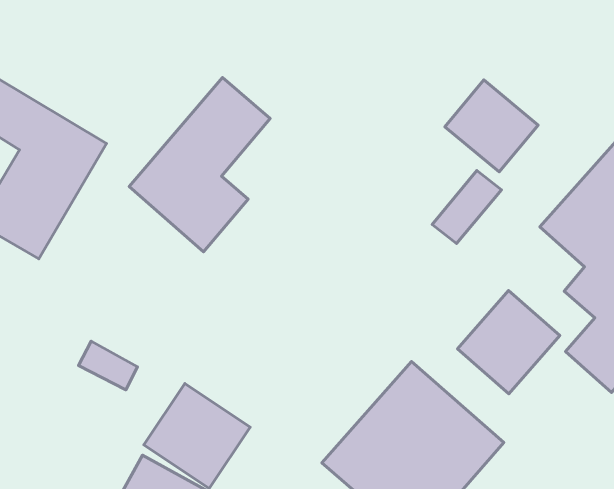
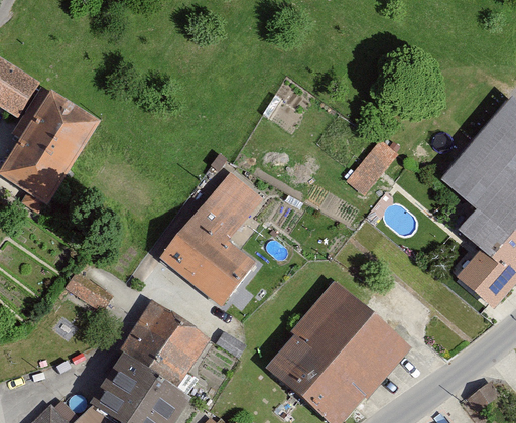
building: [129,77,270,252] -> [159,167,270,304]
building: [445,80,538,172] -> none
building: [458,291,560,394] -> none

